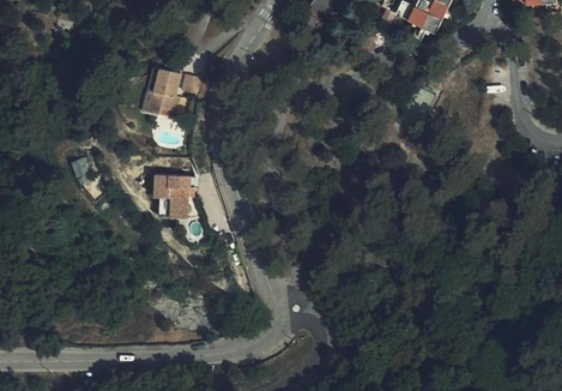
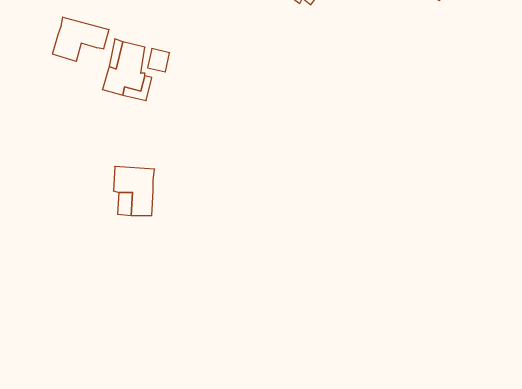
building: none -> [53,17,109,61]

